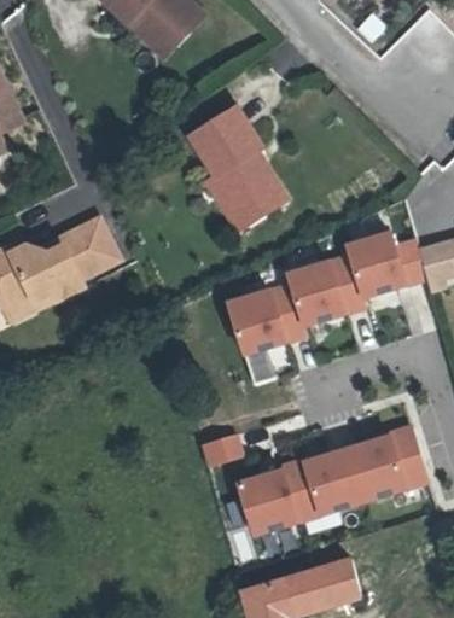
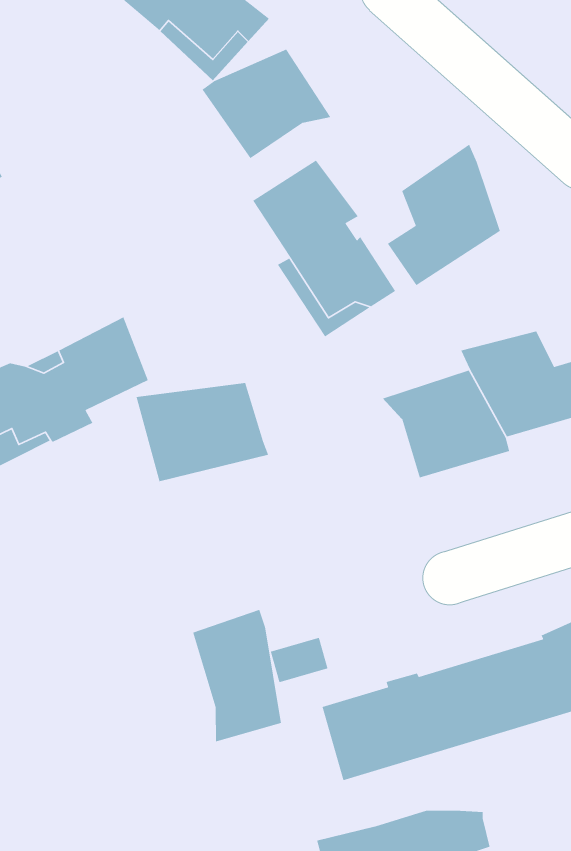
building: none -> [202,48,332,159]
building: none -> [387,143,501,286]
building: [220,287,310,355] -> [136,382,269,482]
building: none -> [192,609,282,742]

